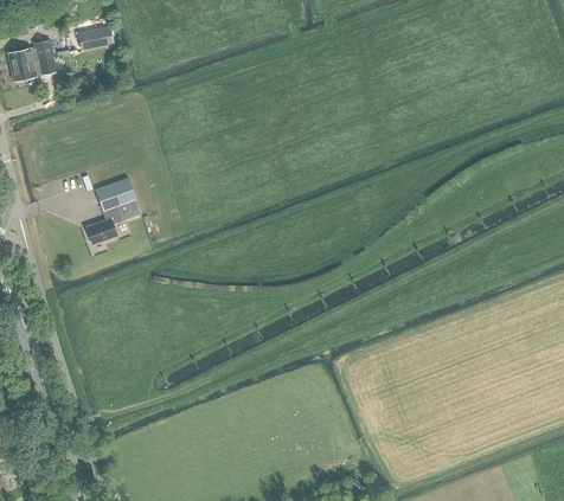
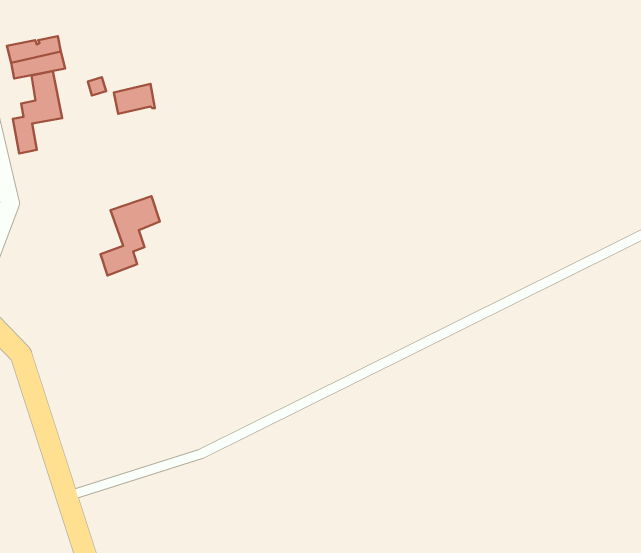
building: [78,26,113,51] -> [114,84,155,114]
building: none -> [13,71,62,154]

